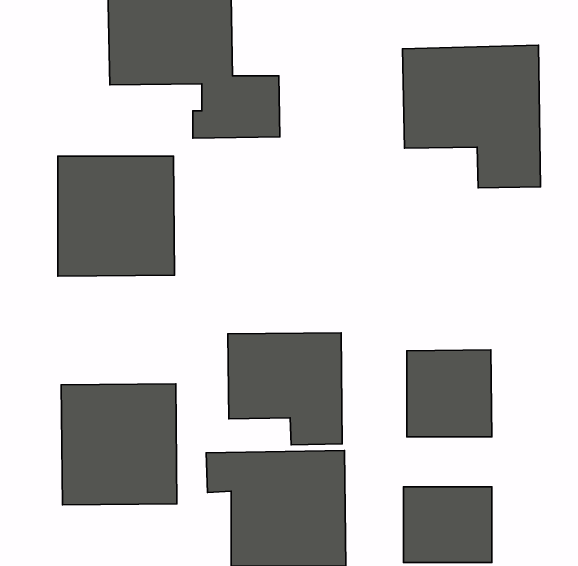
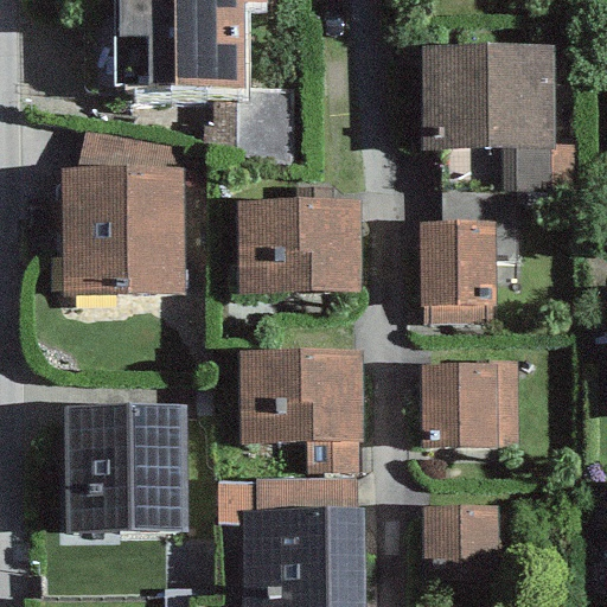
building: none -> [236,194,362,289]
building: none -> [422,224,499,318]

